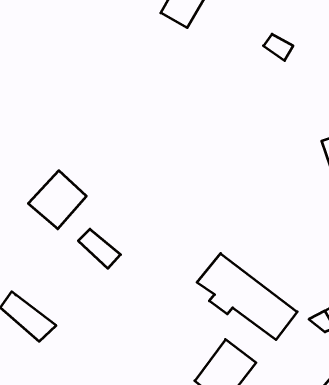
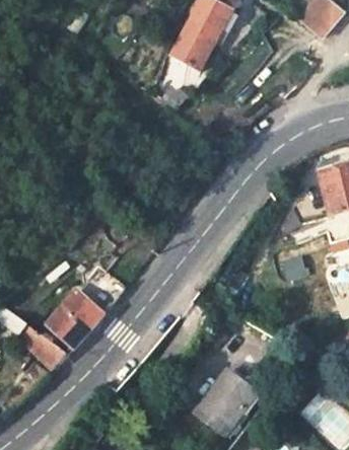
building: [28,171,86,229] -> [49,289,104,345]
building: [197,253,297,340] -> none

